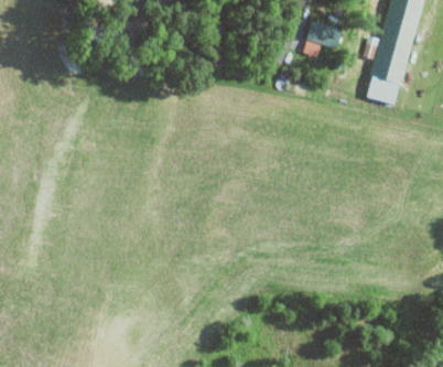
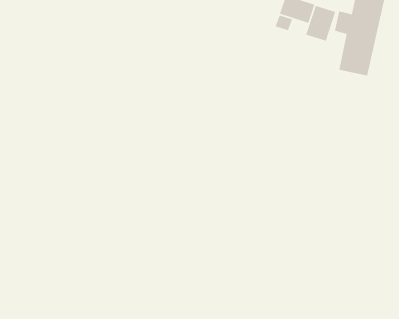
building: none -> [306,5,336,42]

